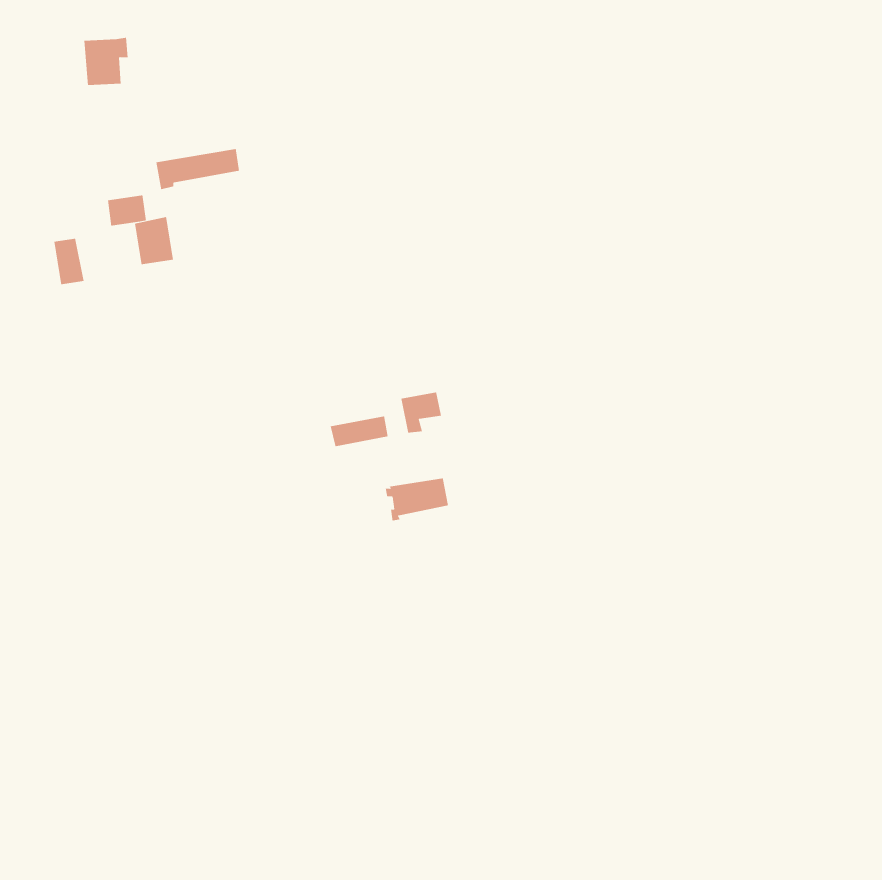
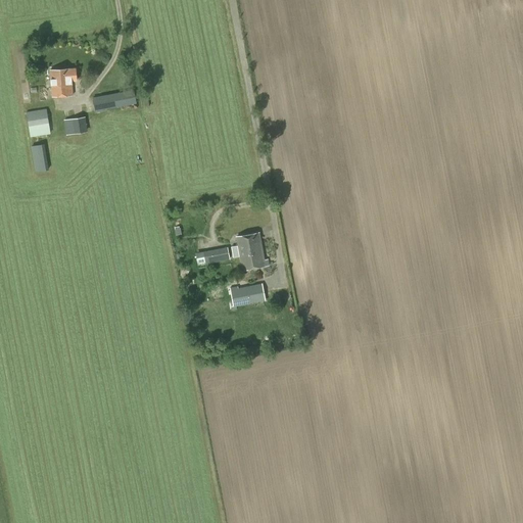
building: [84,37,129,85] -> [50,67,77,96]
building: [134,217,174,265] -> [27,107,50,136]
building: none -> [241,246,269,270]

